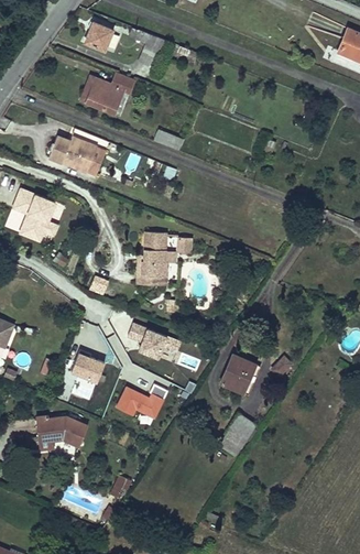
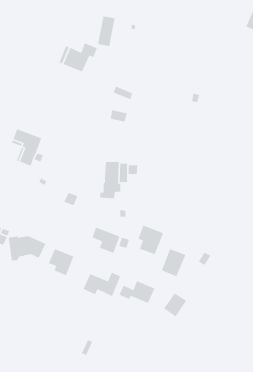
building: [86,21,114,51] -> none
building: [50,137,107,175] -> none
building: none -> [138,224,164,255]
building: none -> [119,280,155,304]
building: [39,416,91,452] -> [8,235,47,261]

